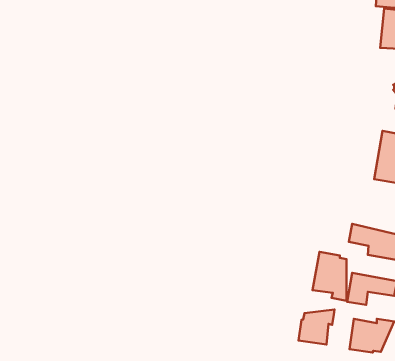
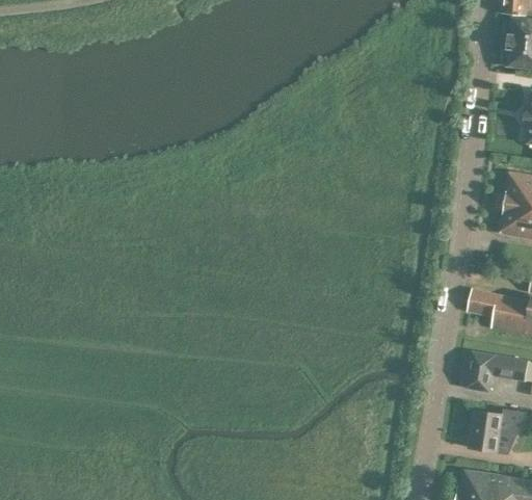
building: [312,252,347,301] -> none
building: [299,309,334,345] -> none

